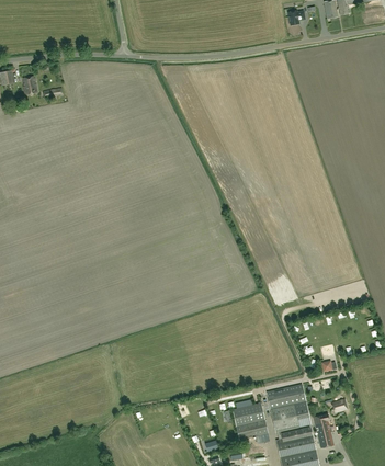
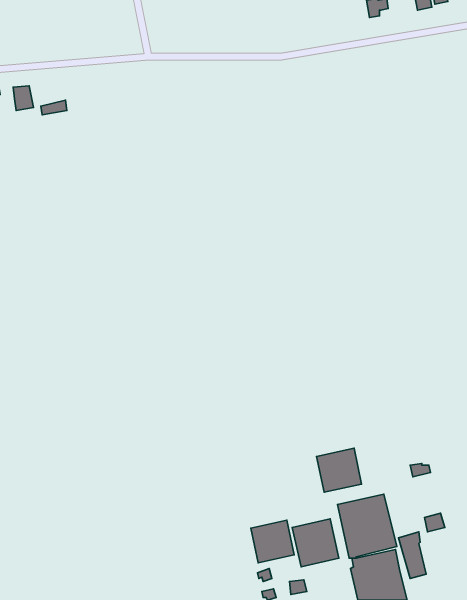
building: none -> [317,448,362,492]
building: none -> [251,520,294,563]

